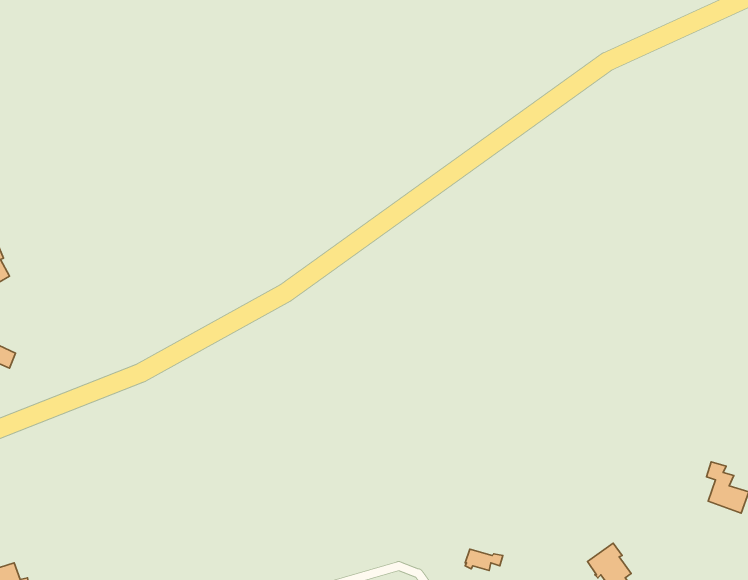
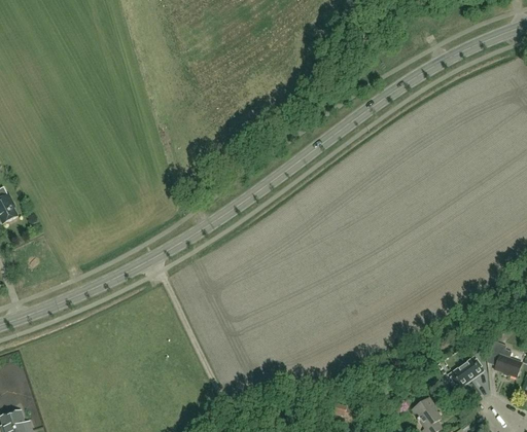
building: none -> [447,357,483,389]

